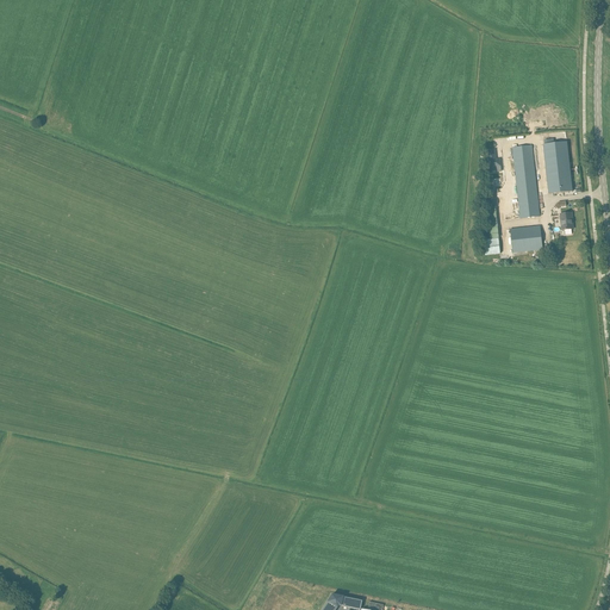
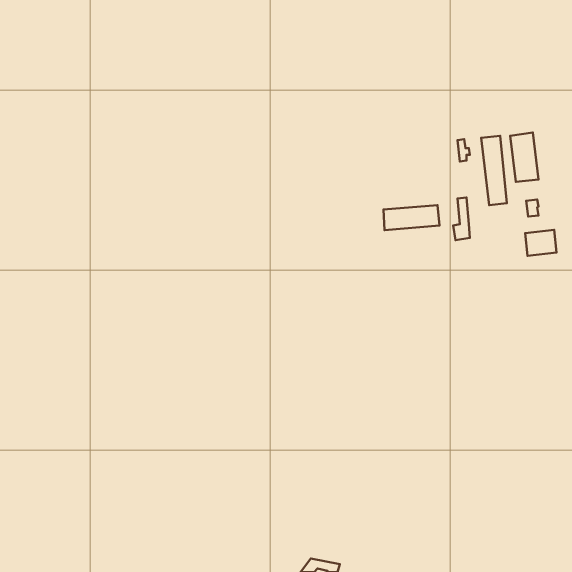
building: none -> [384,205,440,230]
building: [509,225,542,253] -> [525,230,557,256]

